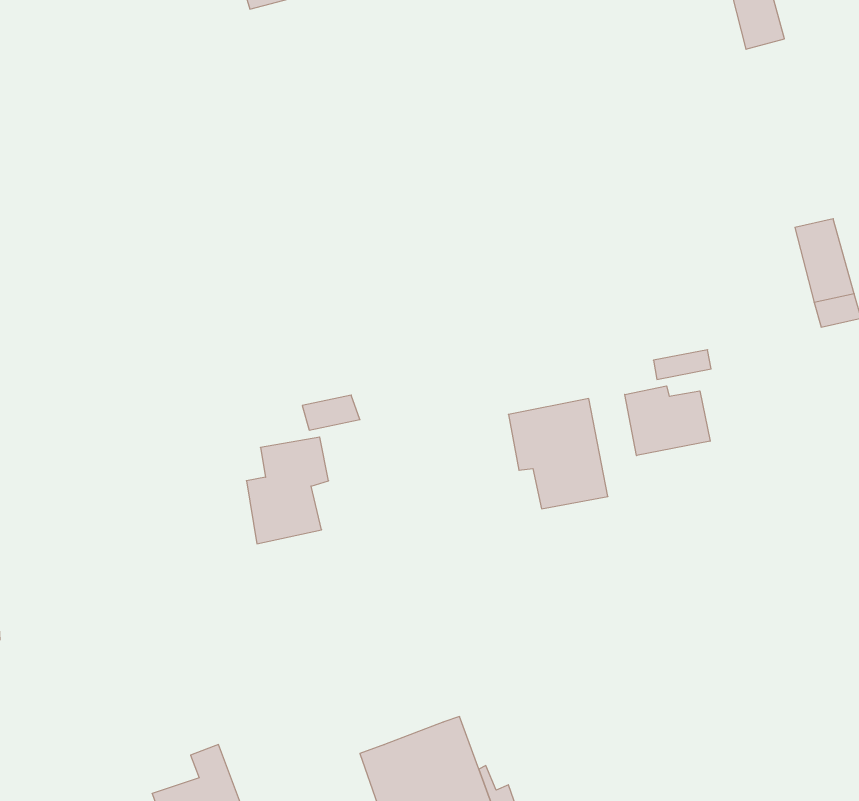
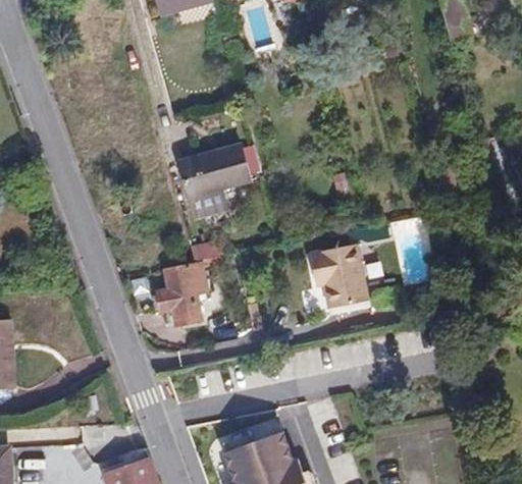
building: none -> [180,146,250,219]
building: [625,386,710,456] -> none

